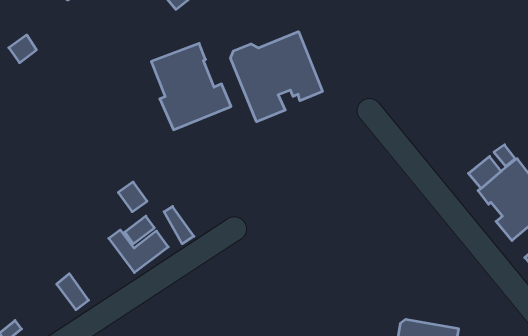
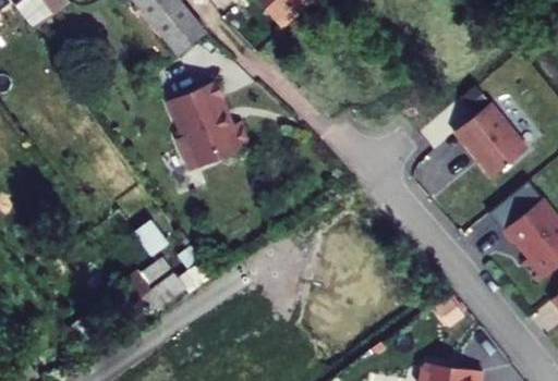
building: [231,32,322,122] -> none
building: none -> [451,105,524,177]

